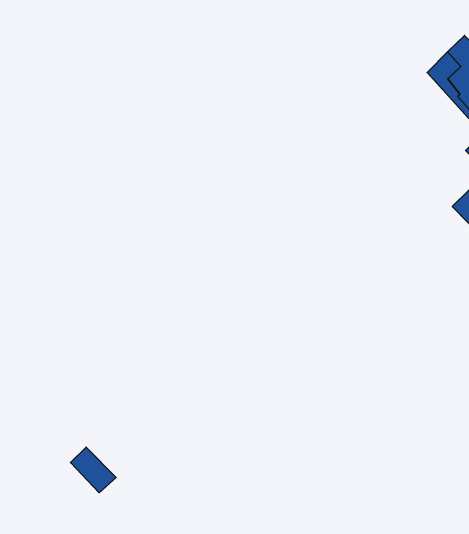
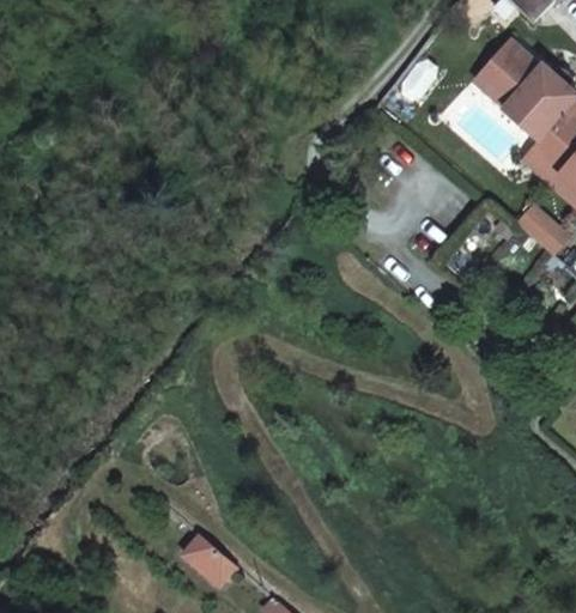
building: [70,447,116,493] -> [190,530,241,578]

